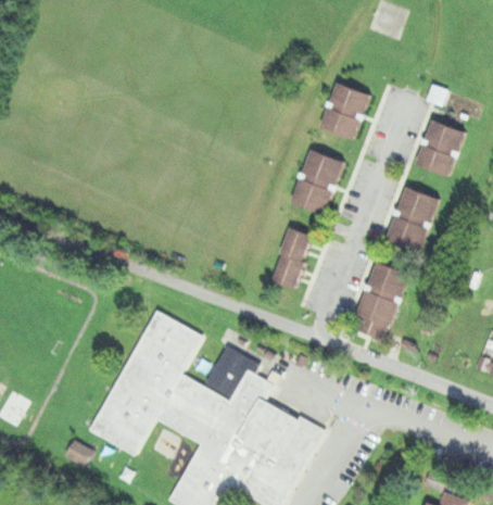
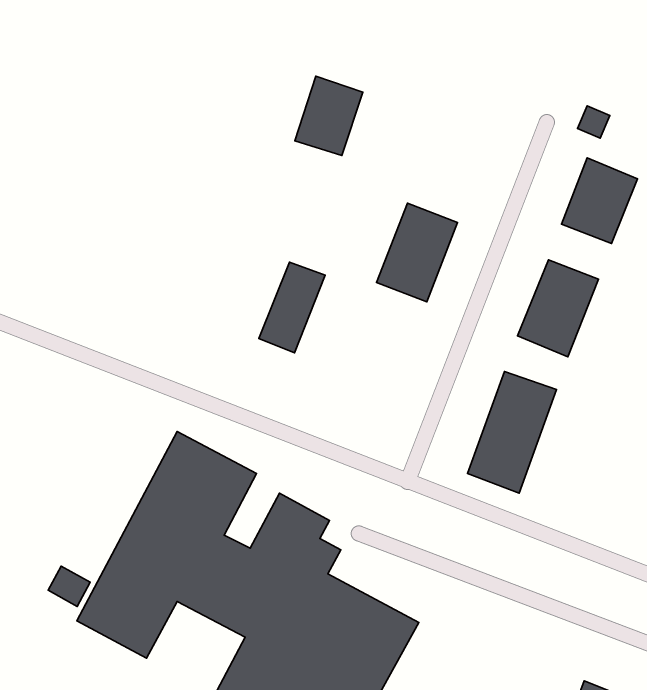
building: [323,84,368,137] -> [295,76,363,155]
building: [269,228,314,289] -> [259,262,325,353]
building: [66,441,94,468] -> [48,566,90,607]

